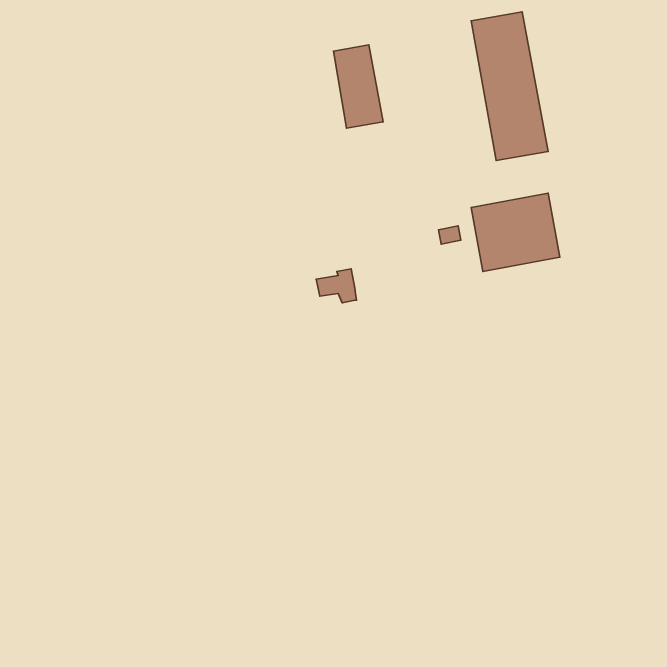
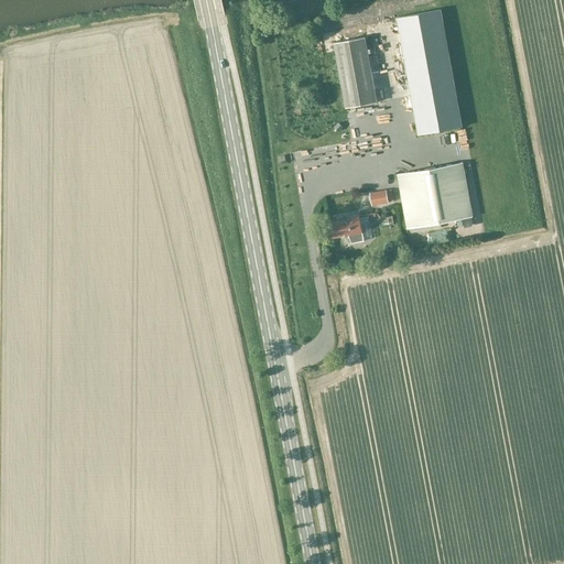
building: [334,45,383,128] -> [335,37,377,108]
building: [316,269,357,303] -> [329,215,364,243]

